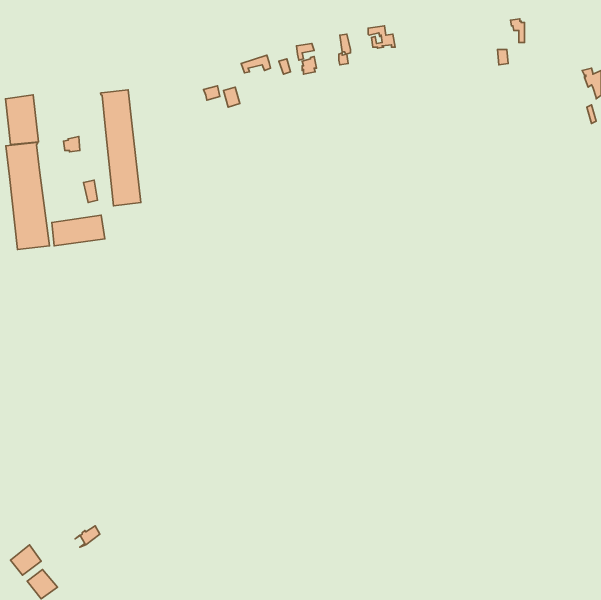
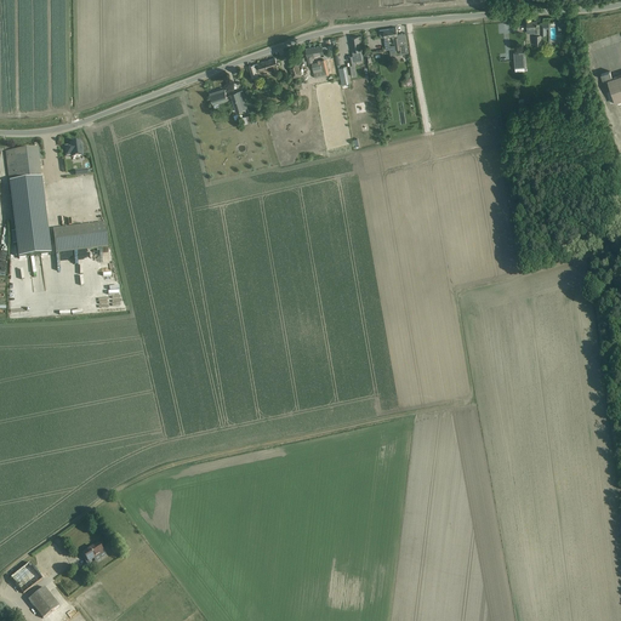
building: [101,90,141,206] -> none
building: [5,95,39,145] -> none

